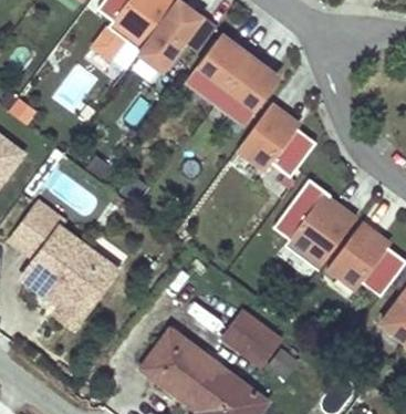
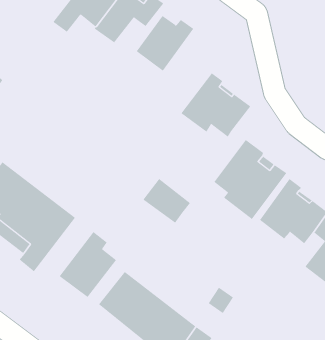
building: [218,53,277,123] -> none
building: none -> [59,231,117,298]
building: [222,312,278,364] -> [142,178,191,224]

